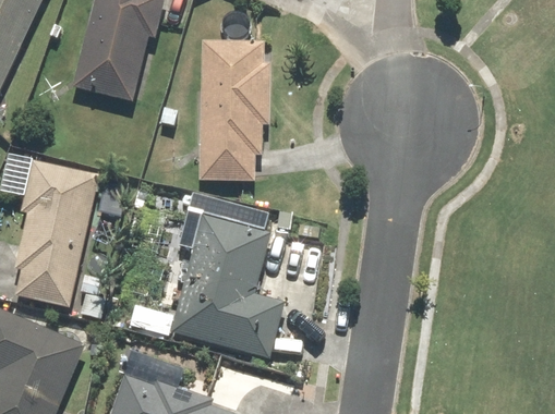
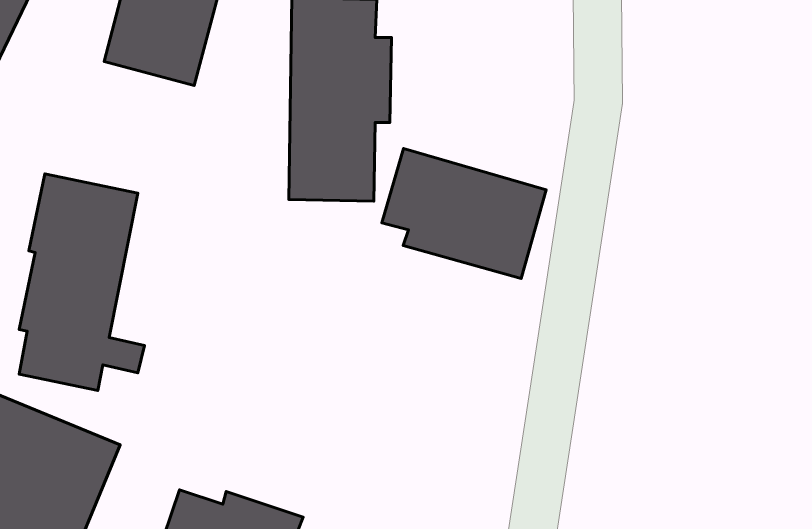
building: none -> [382,149,546,279]
building: [171,211,287,360] -> none

